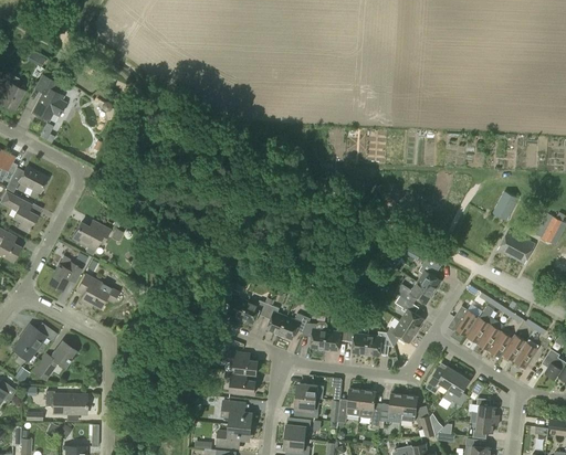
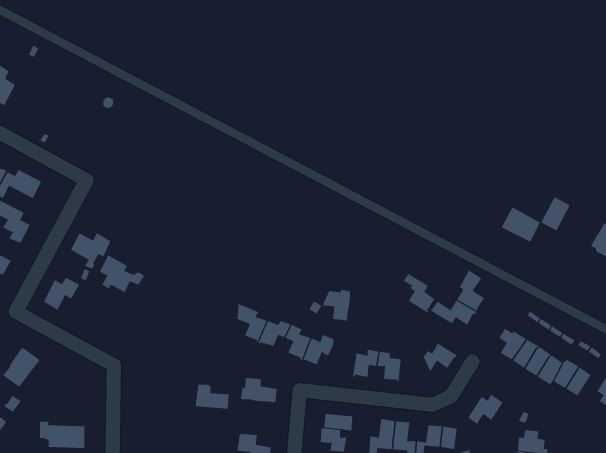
building: [32,75,64,120] -> none
building: [499,230,534,262] -> [501,206,541,242]
building: [77,274,118,308] -> [99,255,145,293]
building: [396,296,424,331] -> [403,273,435,313]
building: [302,321,327,350] -> [322,290,351,322]
building: [366,331,394,356] -> none
building: [33,341,76,379] -> none
building: [224,371,255,393] -> [195,384,230,409]
building: [443,373,470,410] -> none

